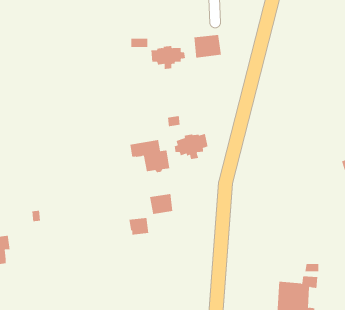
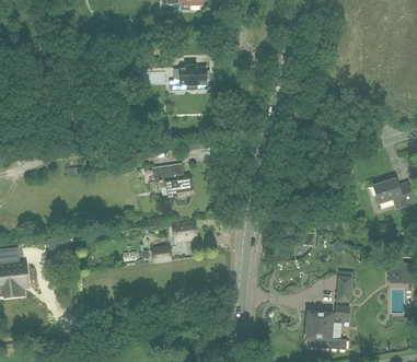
building: [194,34,222,58] -> none
building: [174,133,208,160] -> none

